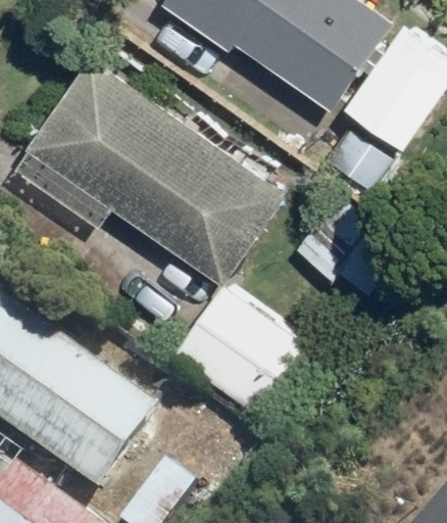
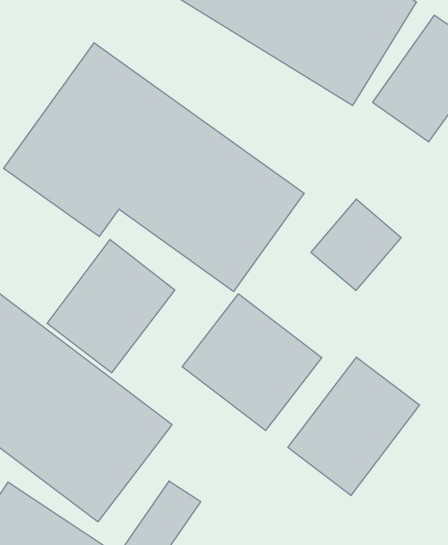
building: none -> [47,239,175,373]
building: none -> [288,357,419,496]

